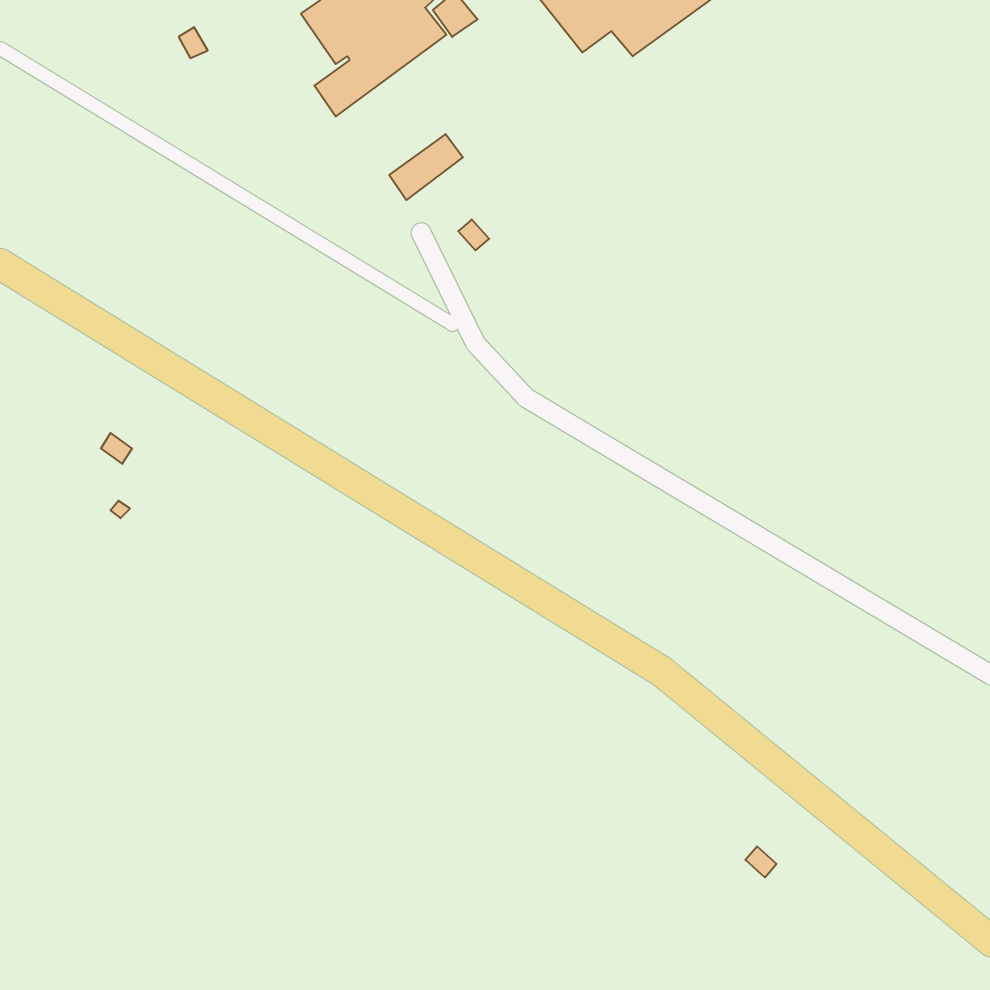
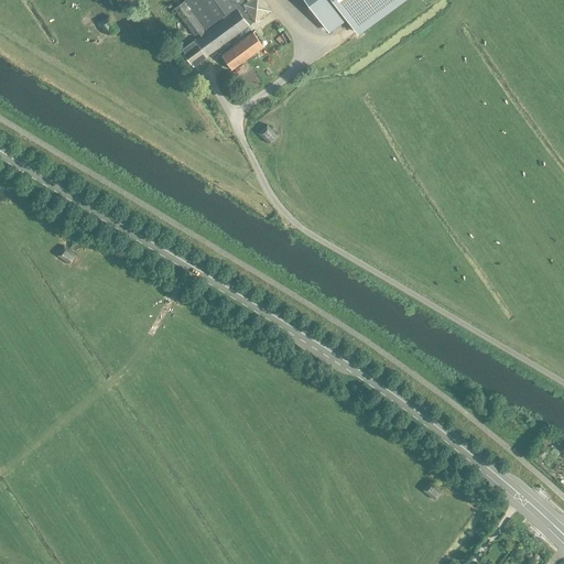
building: [389,134,463,200] -> [221,31,263,68]

